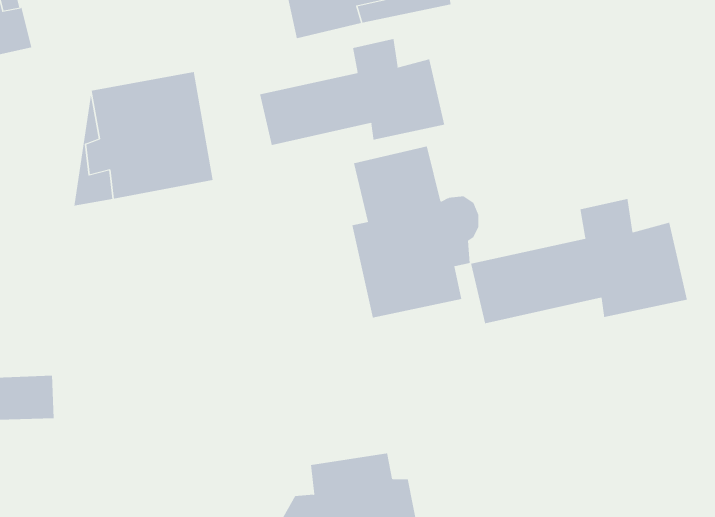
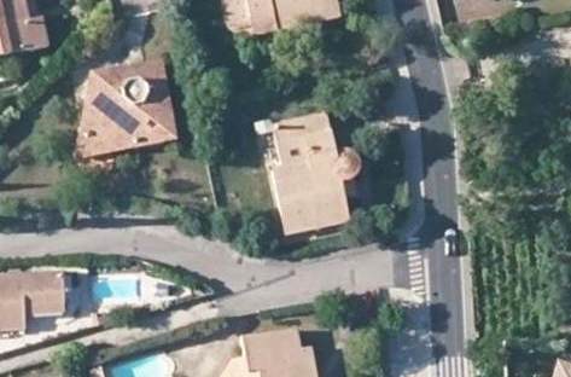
building: [260,38,445,146] -> none
building: [471,198,688,324] -> none

